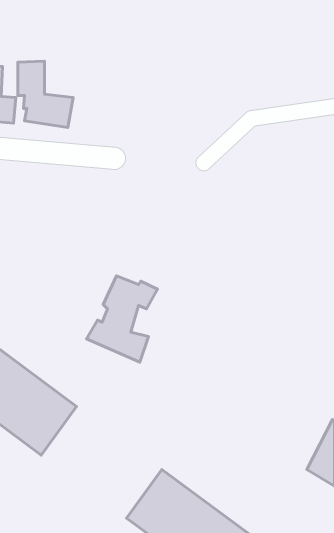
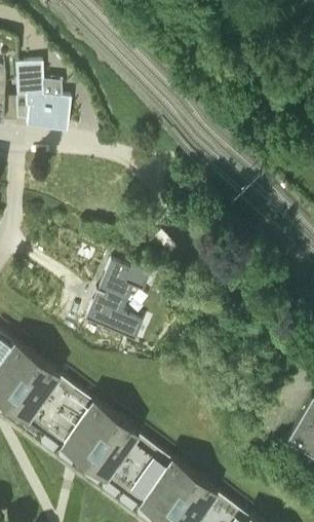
building: none -> [41,386,153,490]

